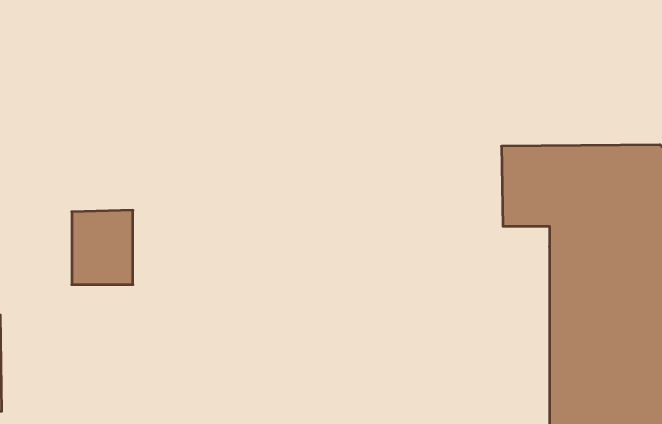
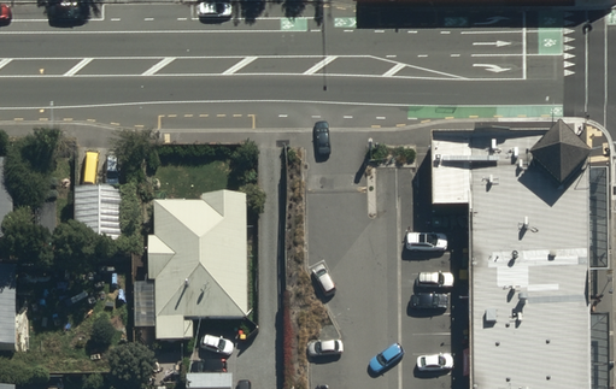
building: none -> [147,199,248,342]

